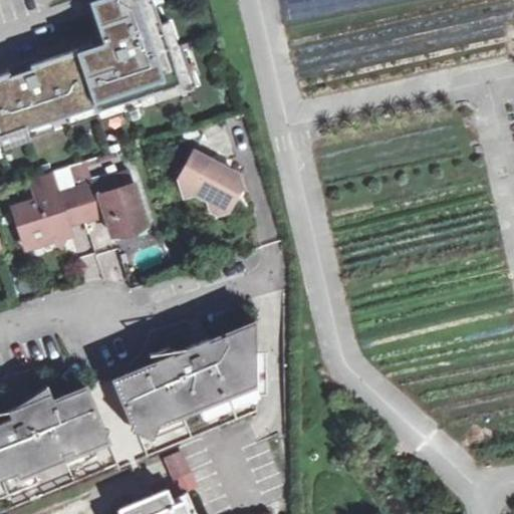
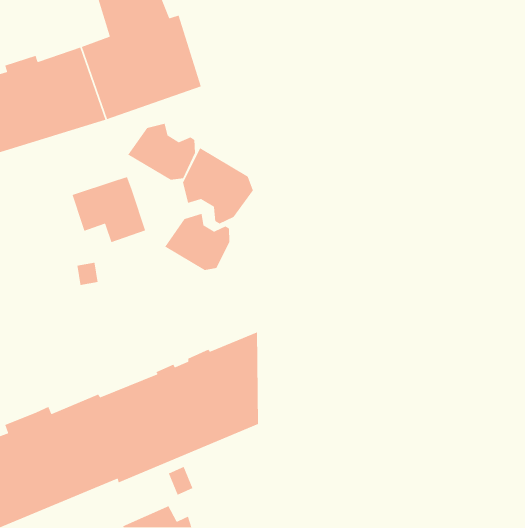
building: none -> [127,123,196,181]
building: [7,174,79,250] -> none
building: none -> [164,213,230,271]

